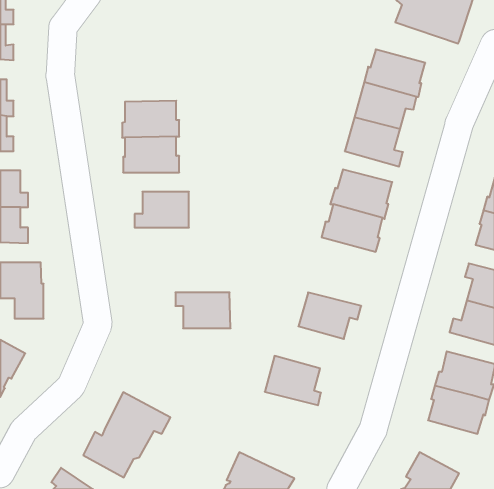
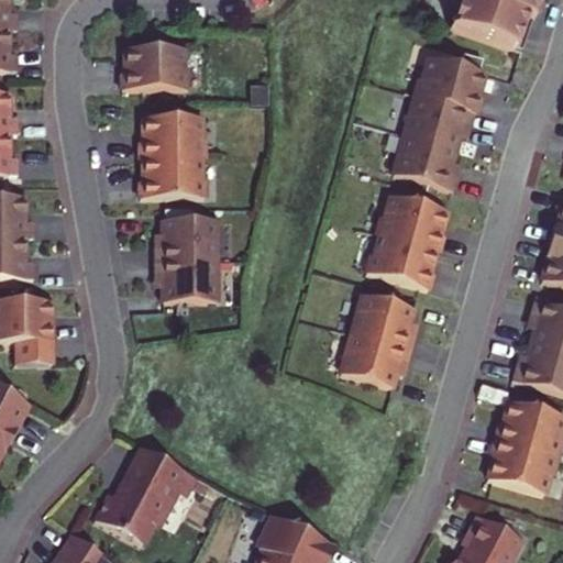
building: none -> [122,45,186,87]
building: [175,292,231,328] -> [154,258,217,299]
building: [265,356,321,405] -> [351,291,415,347]

